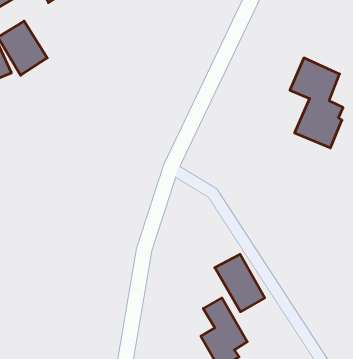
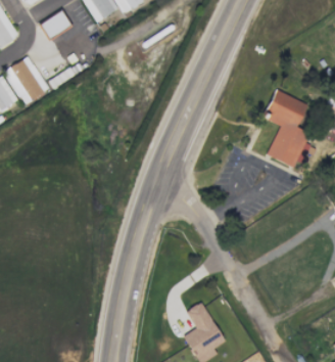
building: [215,254,265,312] -> none

